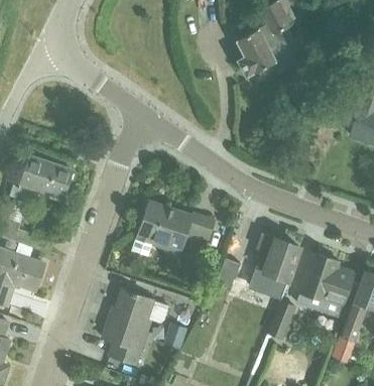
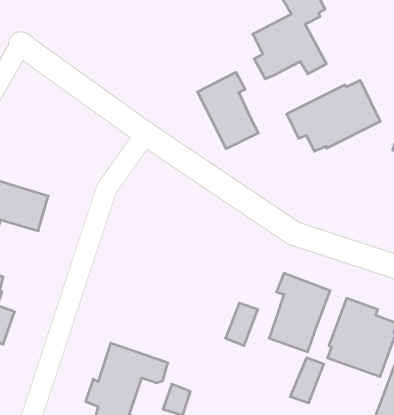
building: none -> [198,72,258,149]
building: none -> [287,80,380,151]
building: [132,202,216,257] -> none

